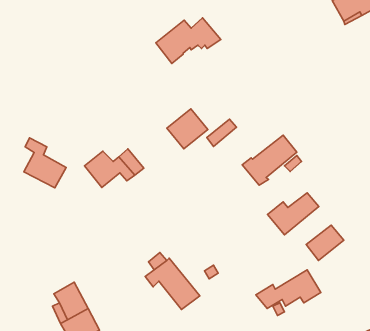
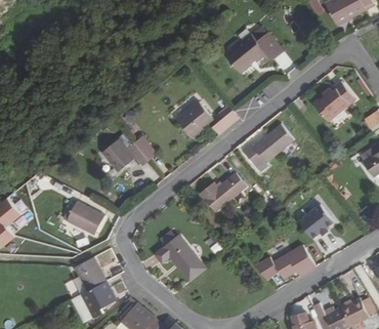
building: [156,18,221,63] -> [225,32,284,73]
building: none -> [313,80,354,121]
building: [24,138,66,188] -> [67,189,104,234]
building: [267,193,319,235] -> [200,173,246,211]

